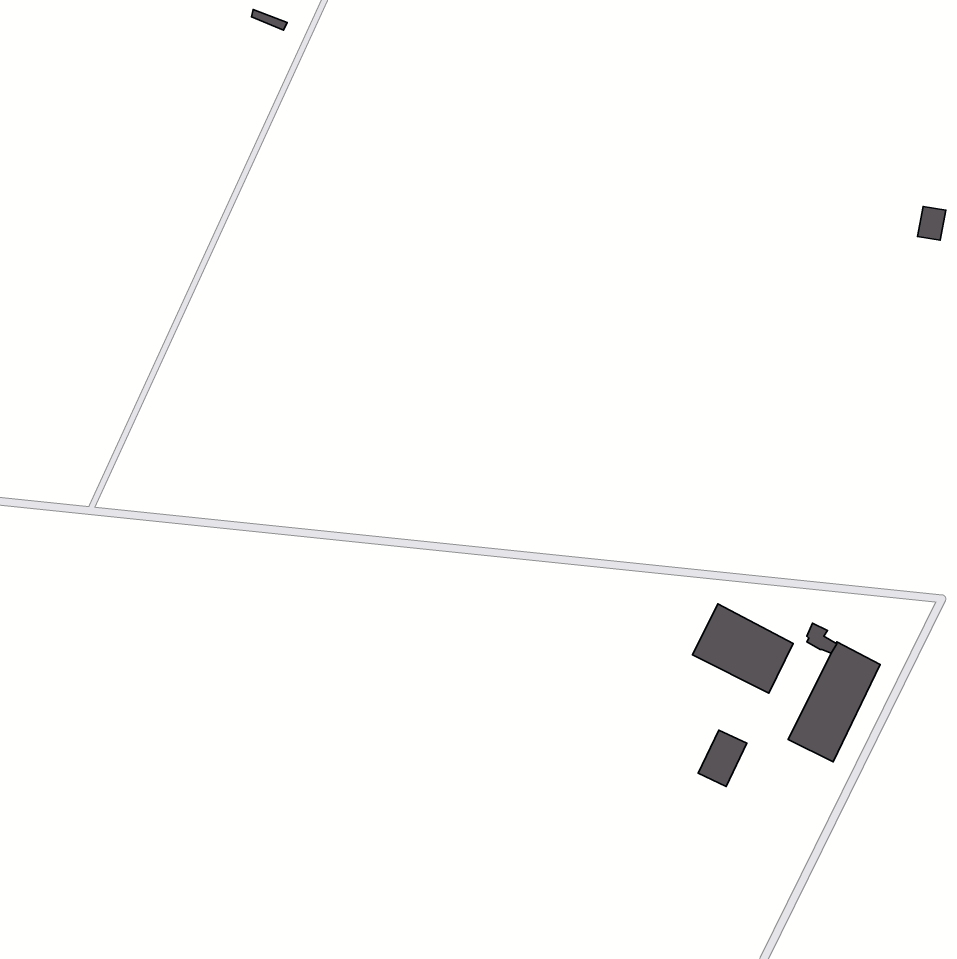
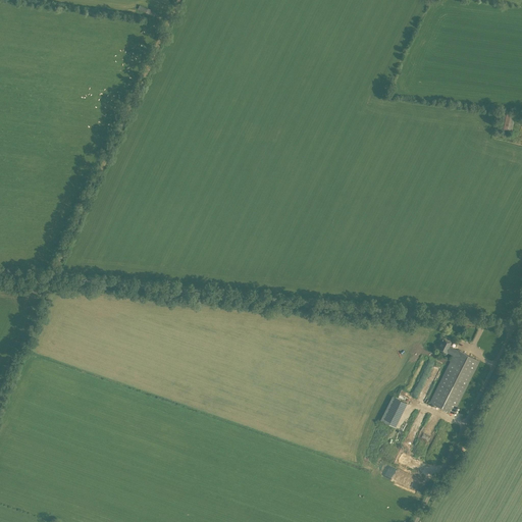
building: [692,604,793,693] -> none

